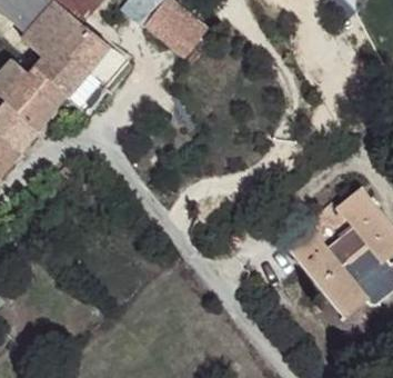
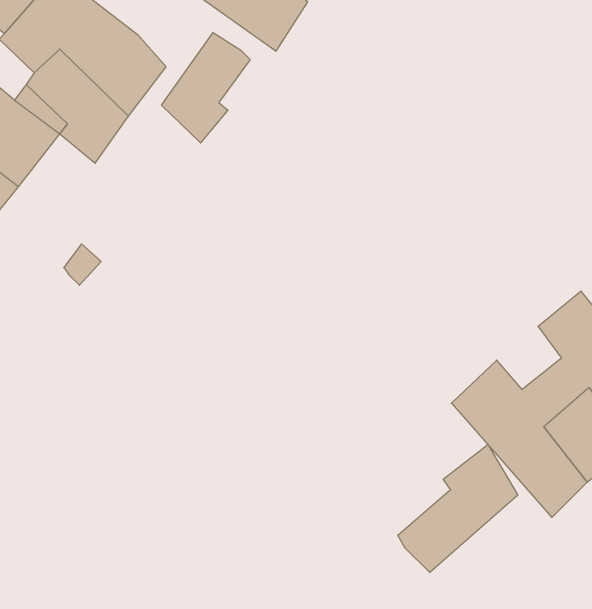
building: none -> [162,33,250,143]
building: none -> [398,445,518,573]

